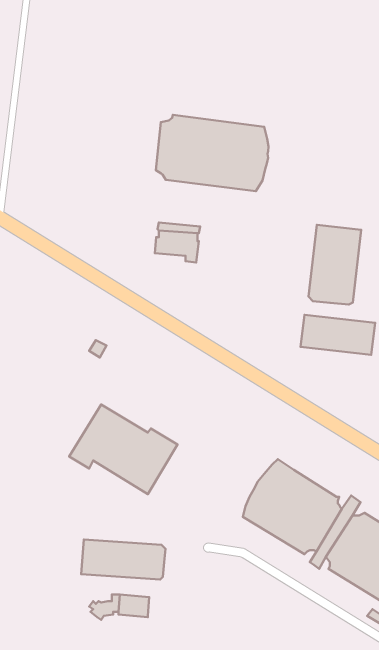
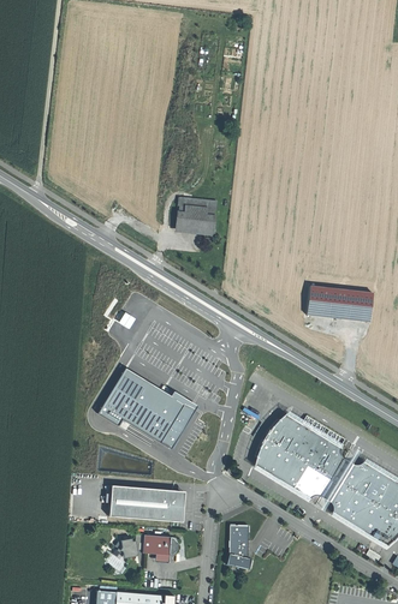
building: [156,115,269,191] -> none
building: [309,225,361,305] -> none
building: none -> [226,526,251,570]

